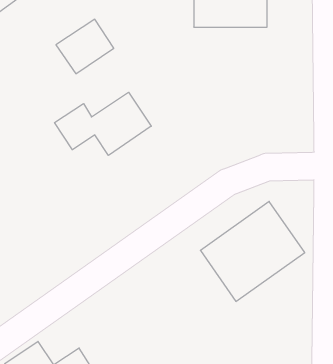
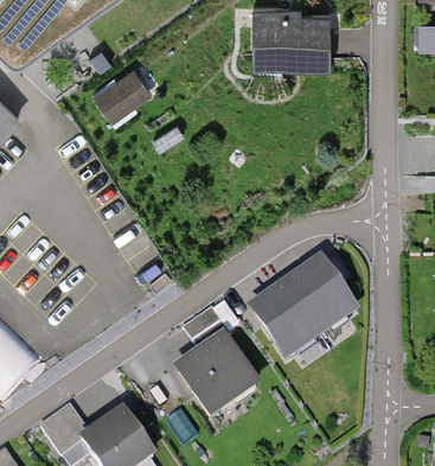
building: [55,92,151,155] -> none
building: none -> [174,331,261,416]

